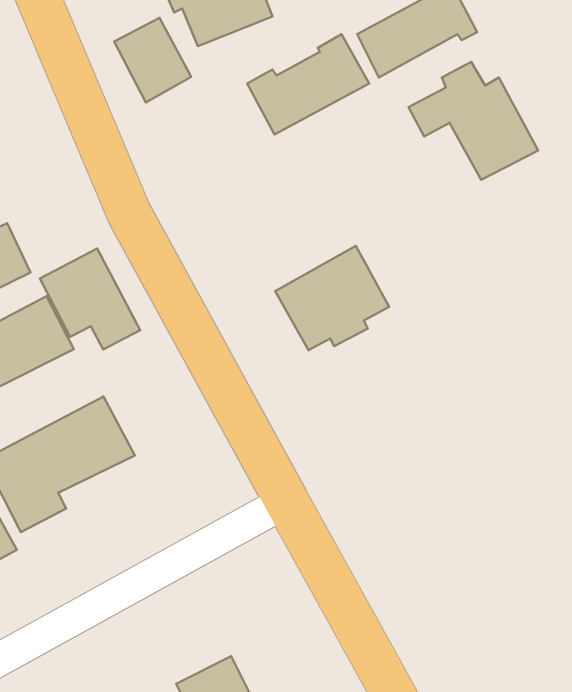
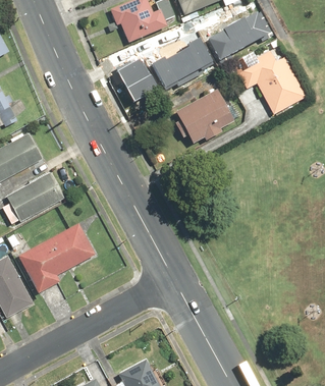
building: [114,18,191,102] -> [118,57,158,101]
building: [275,246,389,350] -> [174,90,233,144]
building: [40,248,140,349] -> none

